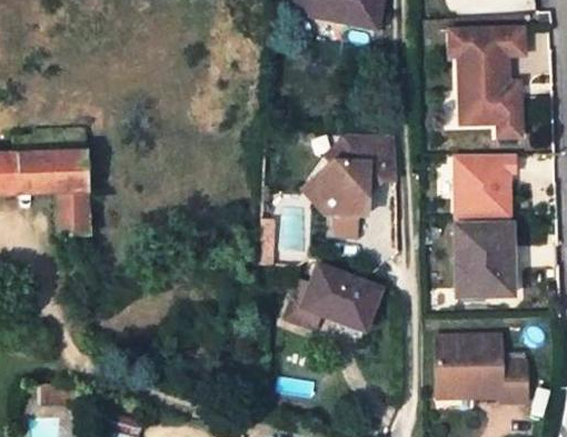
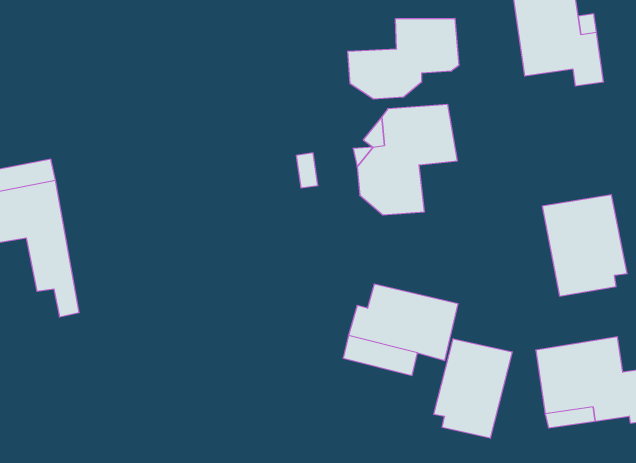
building: none -> [348,18,459,99]
building: [456,152,519,221] -> none
building: none -> [434,339,512,438]

